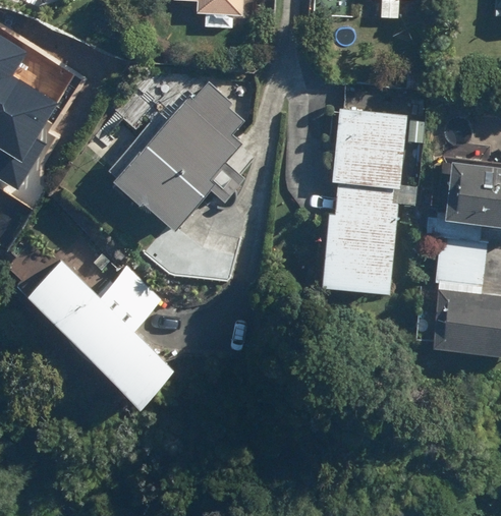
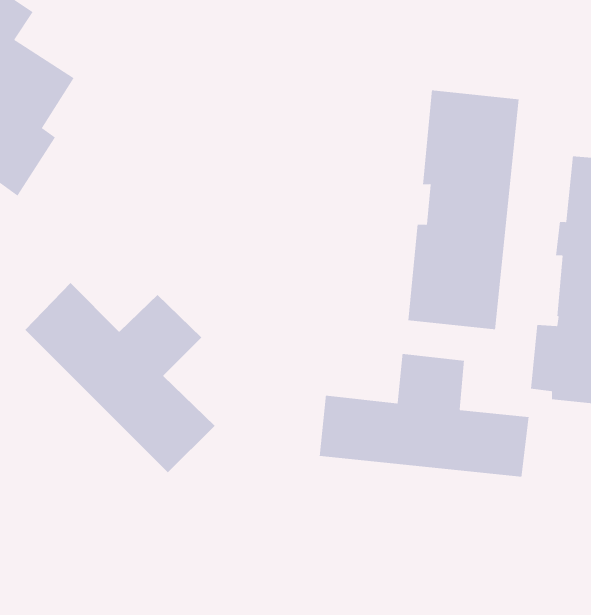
building: [113,78,243,232] -> none
building: none -> [319,353,529,477]

